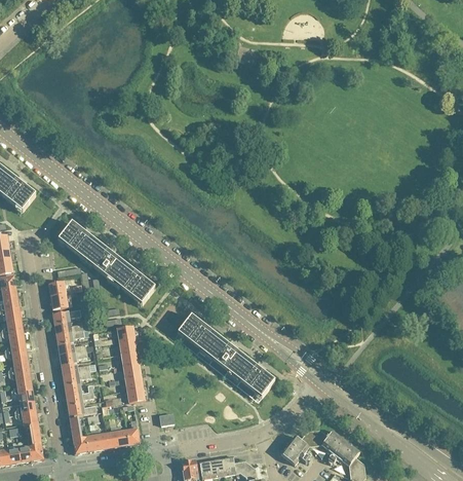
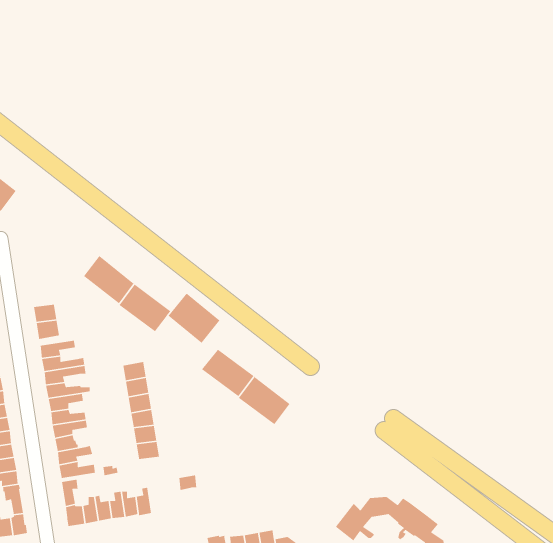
building: [57,221,100,260] -> none
building: none -> [168,293,221,345]
building: [233,358,275,397] -> none

